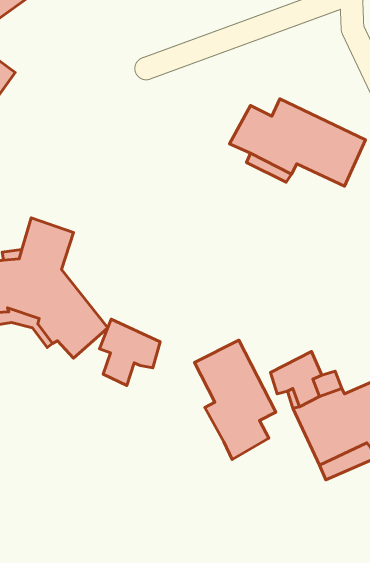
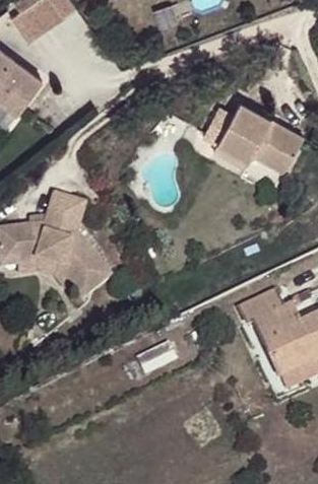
building: [99,319,160,386] -> none
building: [195,340,276,459] -> none

